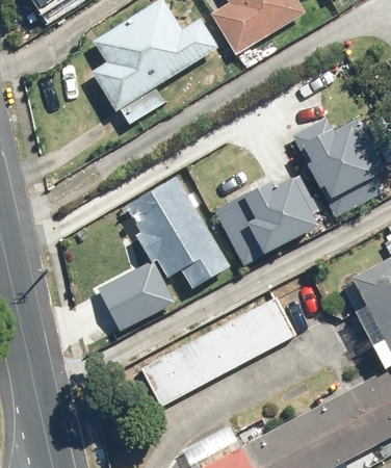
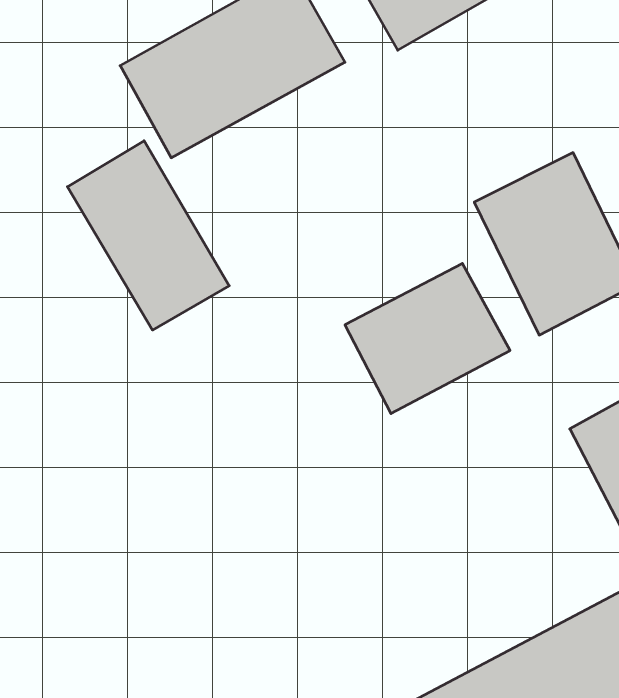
building: [127,178,226,293] -> [67,141,229,330]
building: [97,260,173,331] -> none
building: [144,294,296,405] -> none

